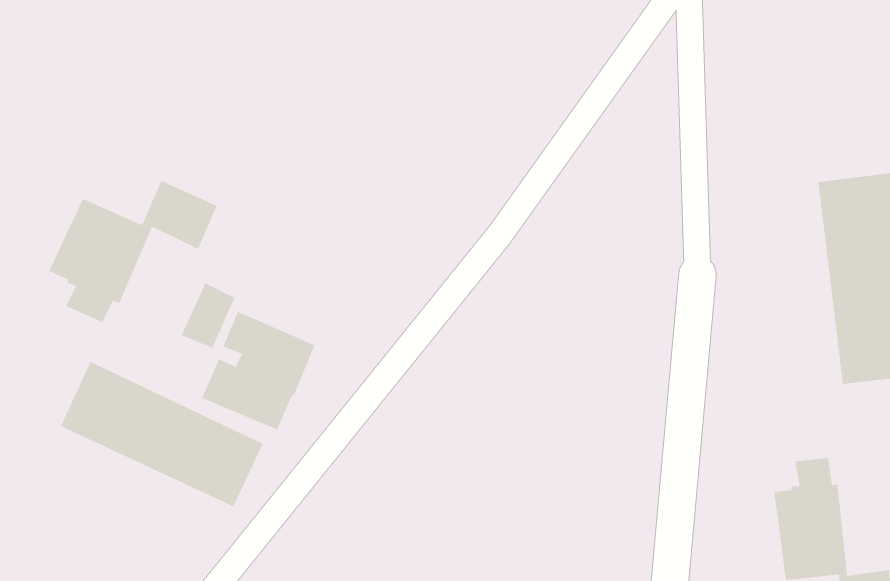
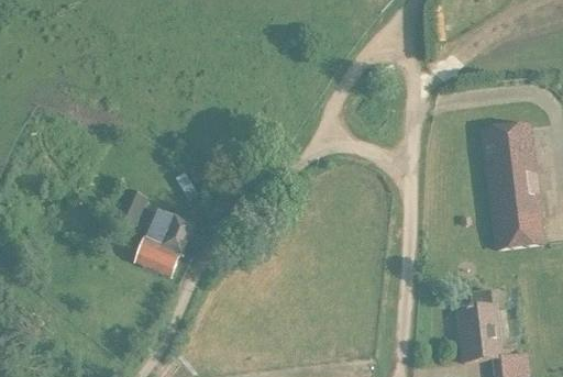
building: [48,180,218,323] -> none
building: [60,361,264,508] -> none

